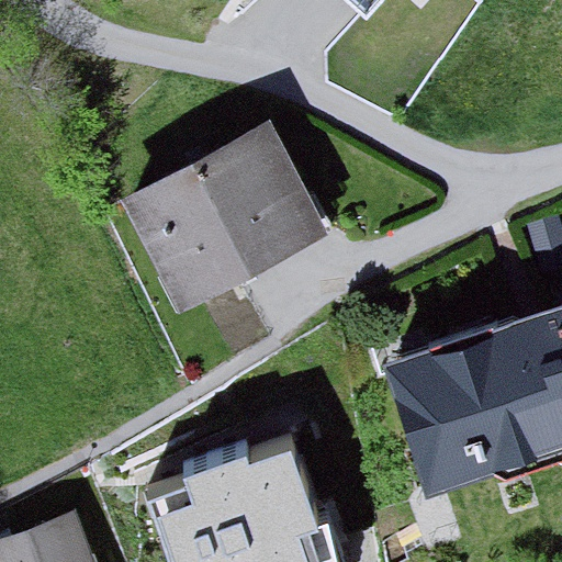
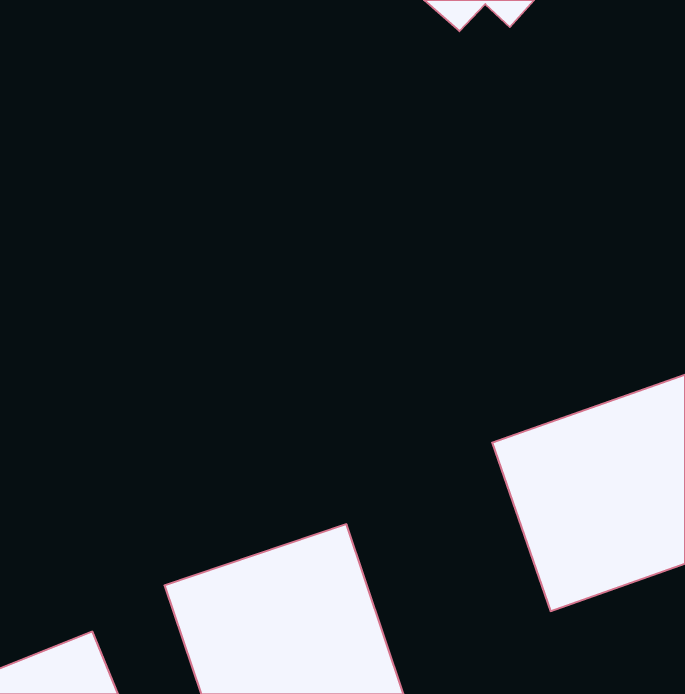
building: [126,122,337,319] -> none

